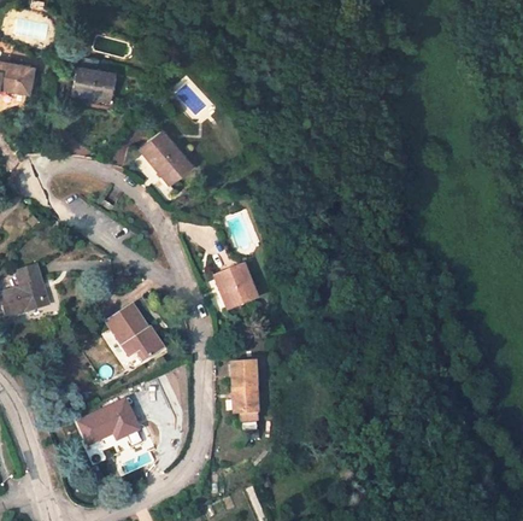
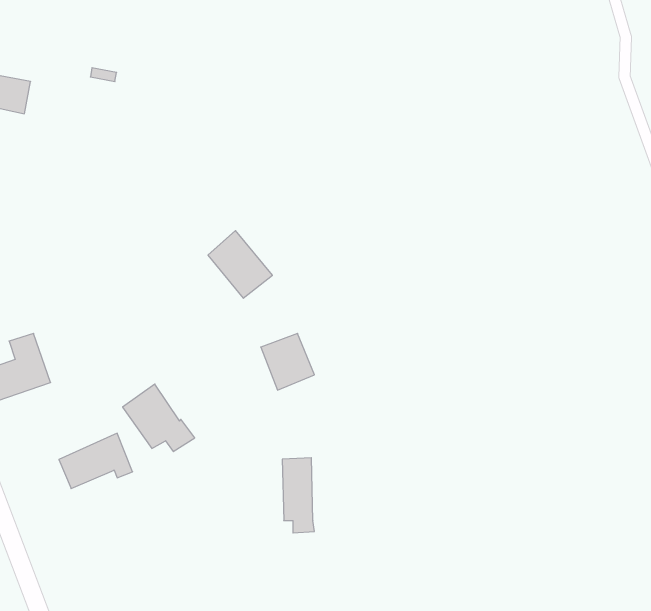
building: [72,66,113,98] -> none
building: [140,129,190,182] -> [208,231,272,298]
building: [80,399,137,443] -> [59,433,133,489]

